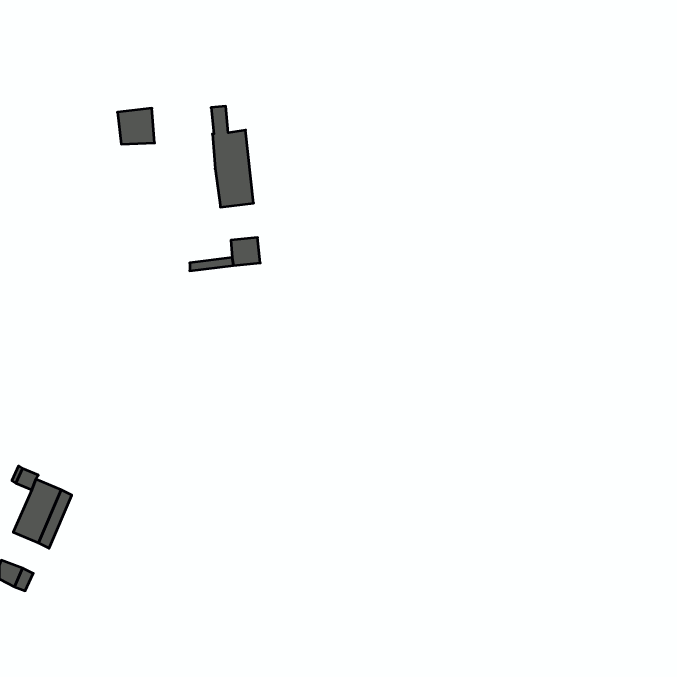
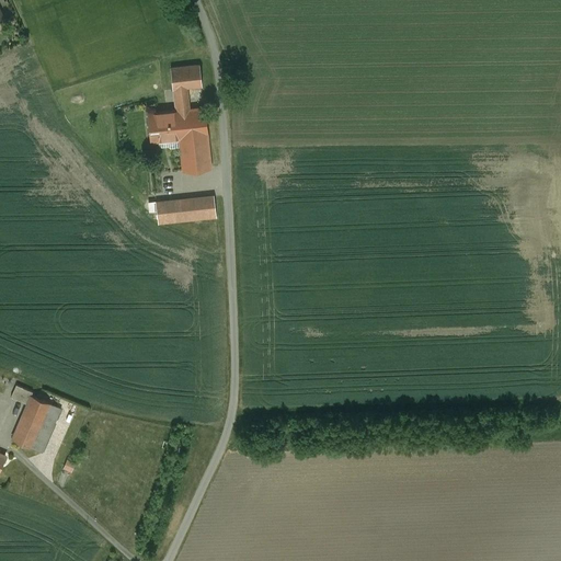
building: none -> [170,66,201,90]
building: [117,108,155,144] -> [147,112,178,141]
building: none -> [154,199,192,218]

